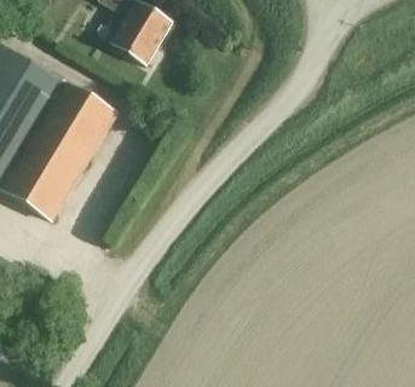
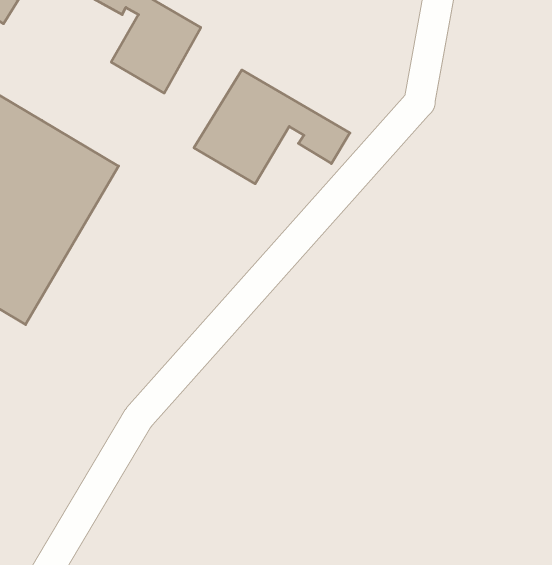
building: none -> [194,70,350,184]

